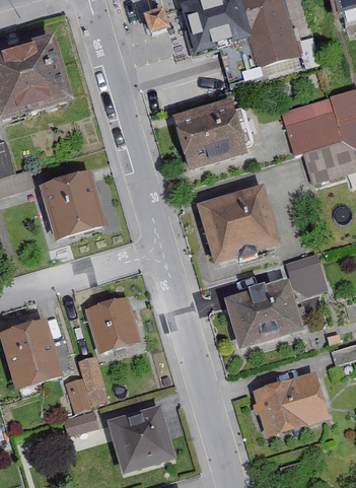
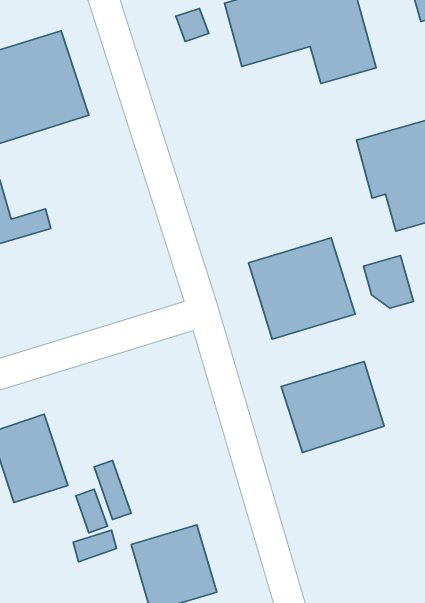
building: [172,101,245,169] -> none
building: [40,172,105,240] -> none
building: [288,252,327,292] -> [363,255,414,308]
building: [85,296,139,351] -> none
building: [256,372,331,437] -> none

